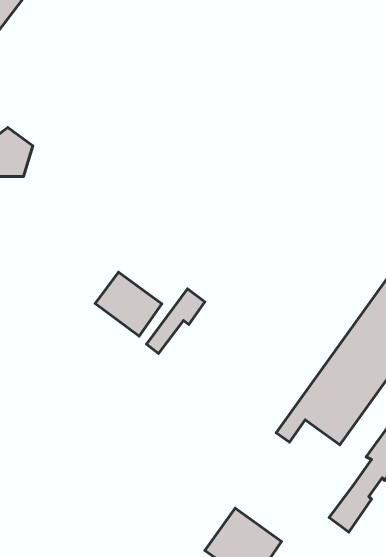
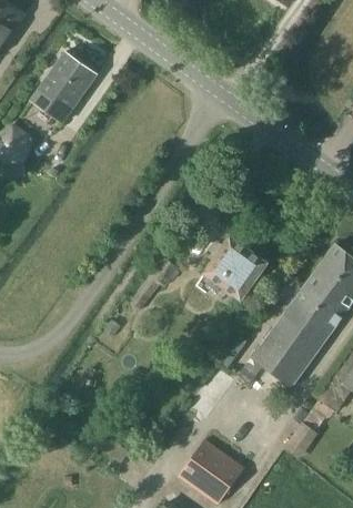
building: none -> [30,52,97,124]
building: none -> [204,237,266,299]
building: [95,272,162,336] -> none

